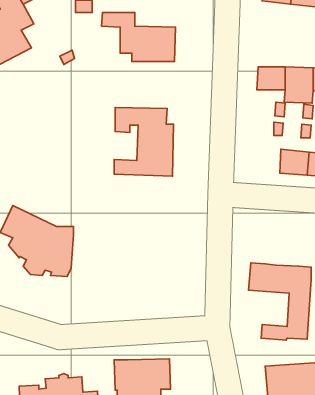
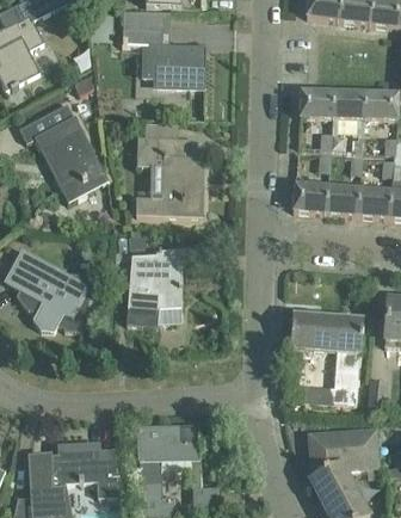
building: none -> [19,100,109,199]
building: none -> [292,181,327,211]
building: none -> [127,248,189,323]

